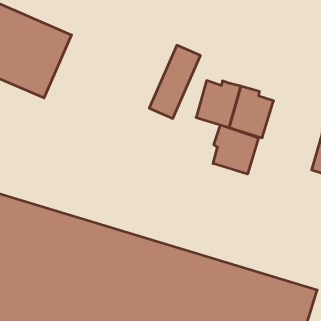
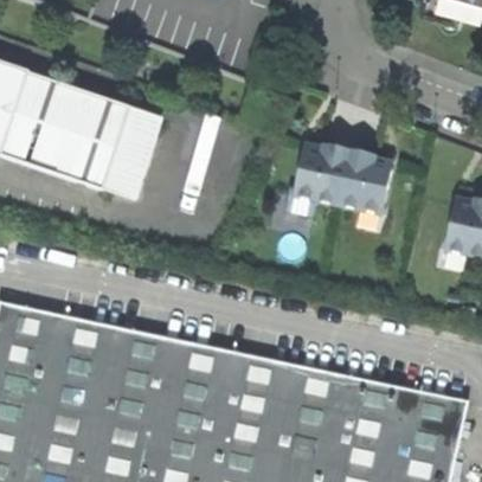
building: [149,45,200,118] -> [105,108,165,200]
building: [213,125,259,174] -> none

